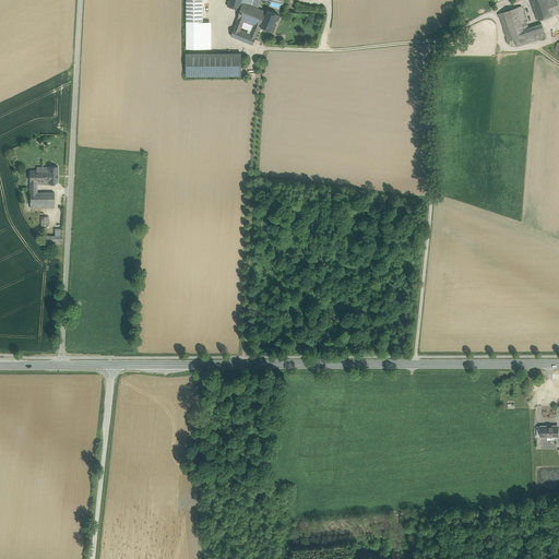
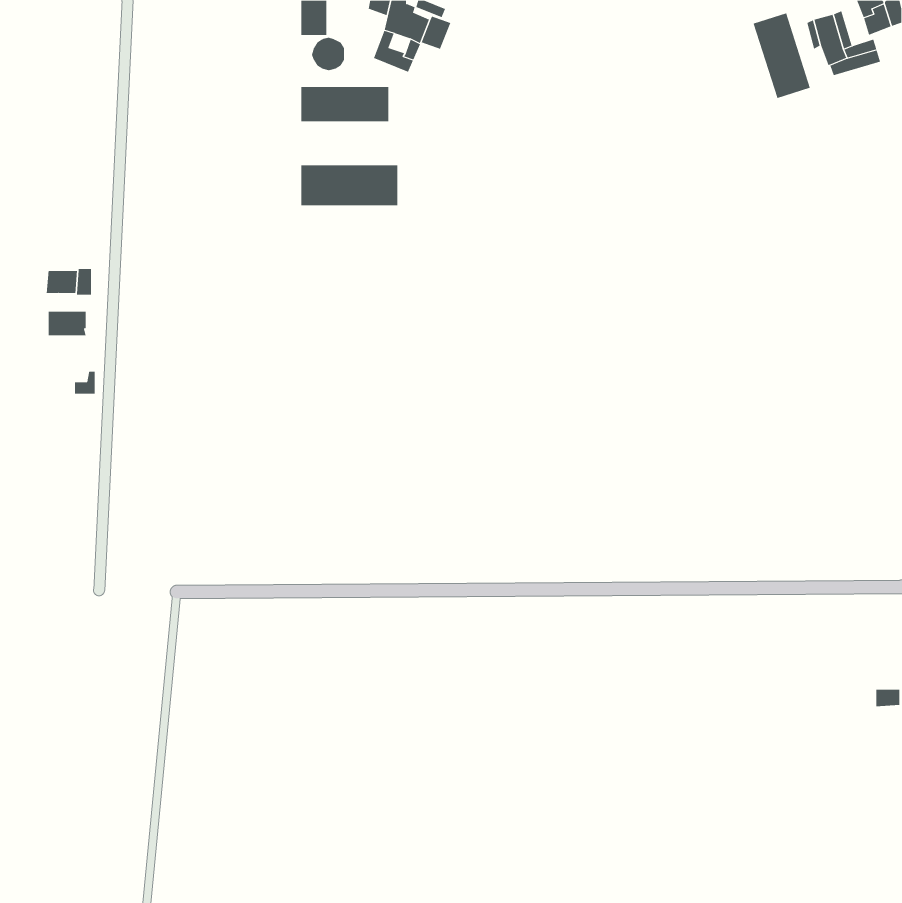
building: none -> [753,13,811,99]
building: none -> [301,164,398,206]

